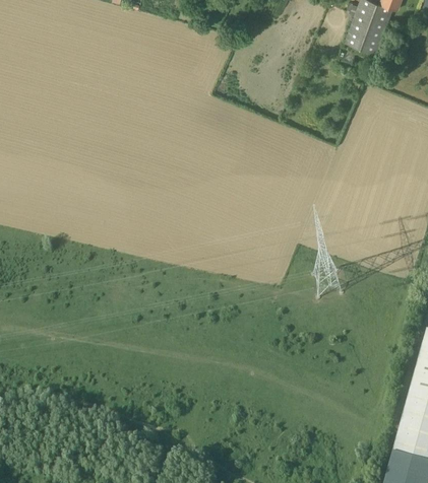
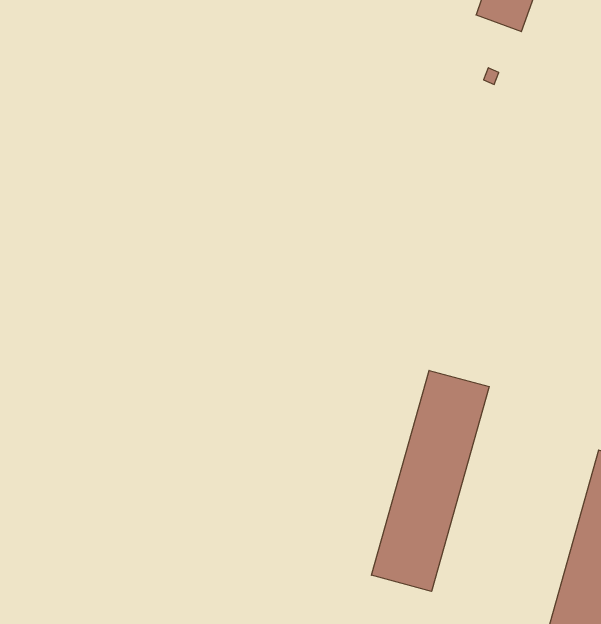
building: none -> [371,370,489,591]

